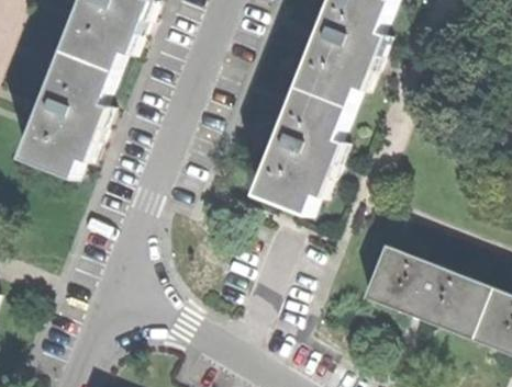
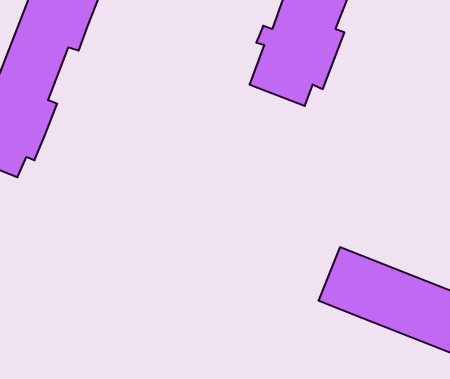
building: [248,86,345,214] -> none

